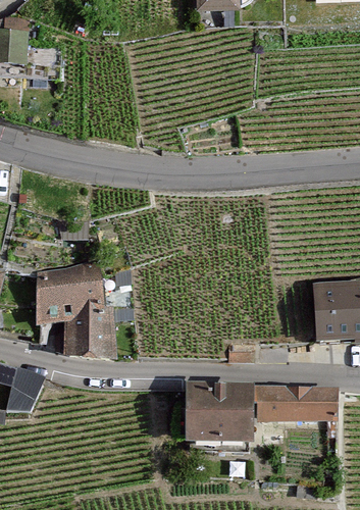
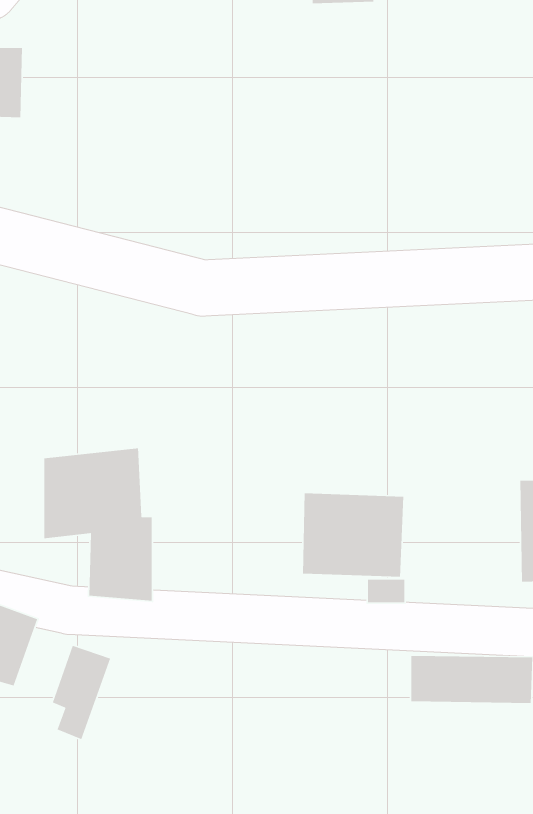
building: none -> [52,645,111,740]
building: [181,387,241,437] -> [302,493,404,577]

